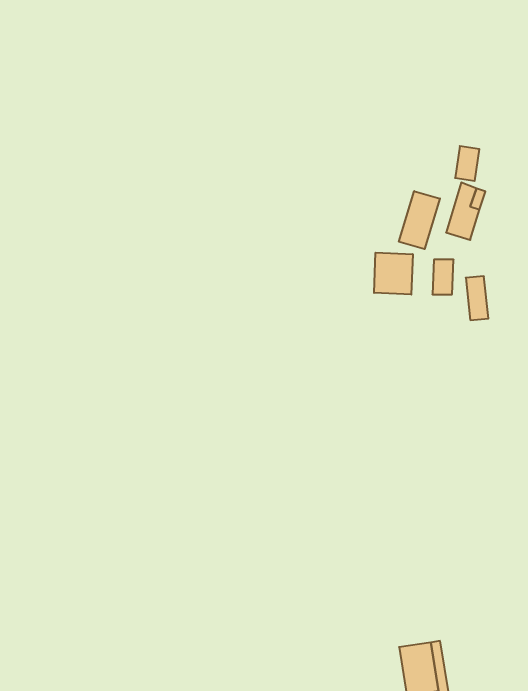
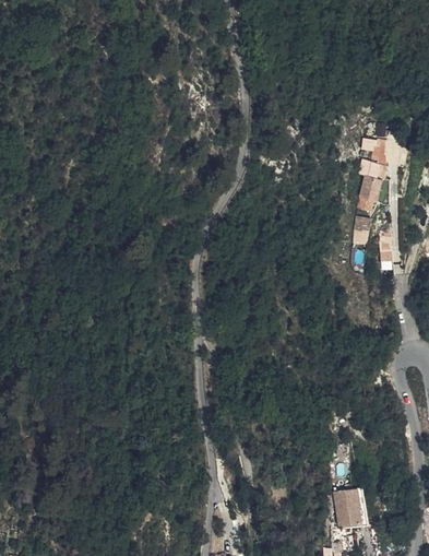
building: [399,191,440,249] -> none
building: [374,253,413,295] -> none

